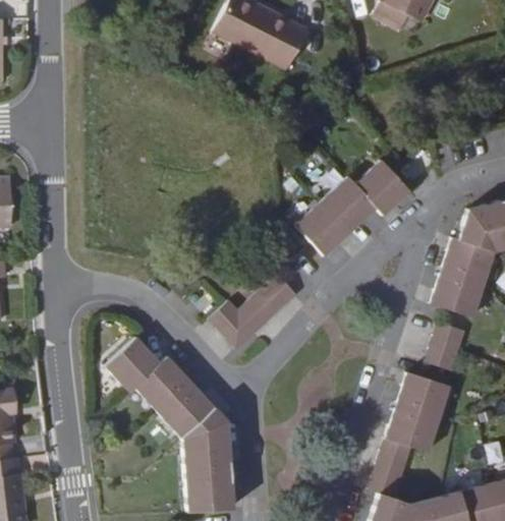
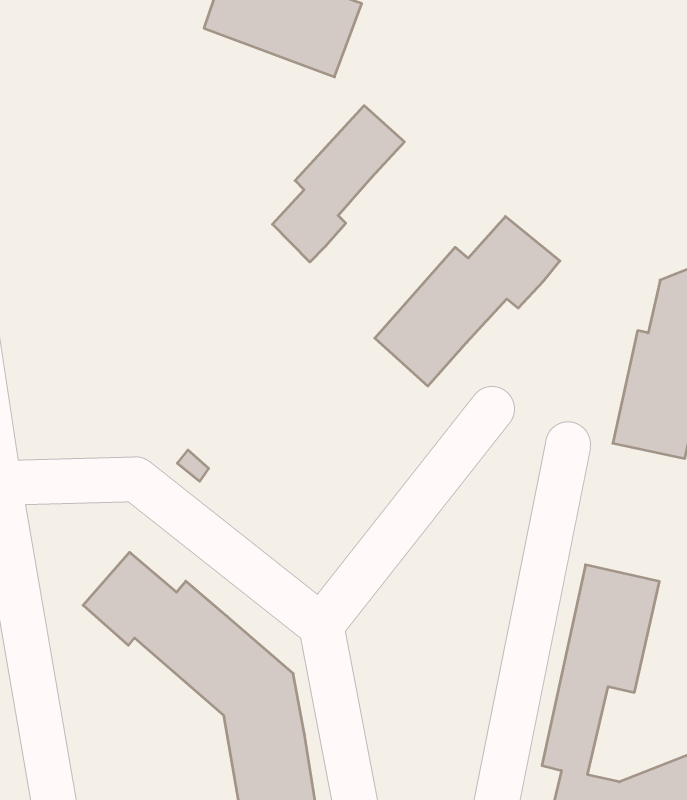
building: none -> [272,106,404,262]
building: [210,277,297,351] -> none
building: [426,325,464,371] -> none

